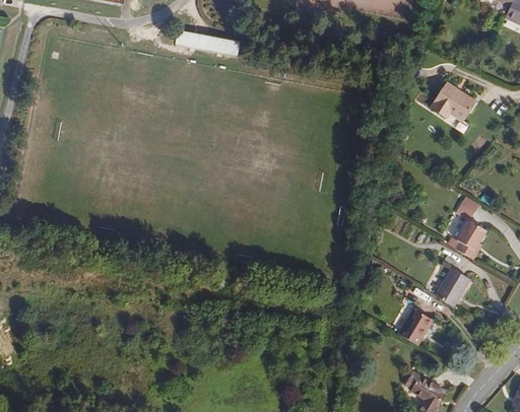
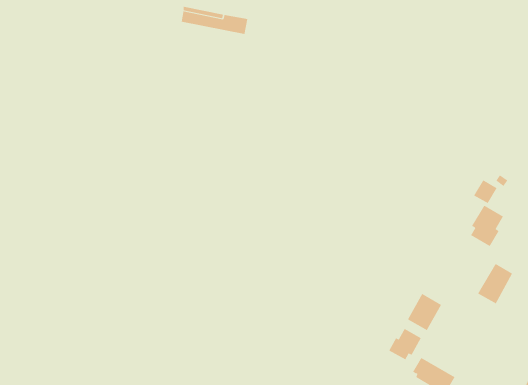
building: [431,83,474,120] -> none
building: [434,266,468,305] -> [477,263,513,304]
building: none -> [389,328,422,360]

